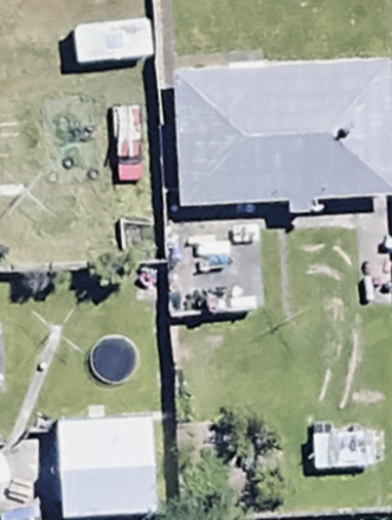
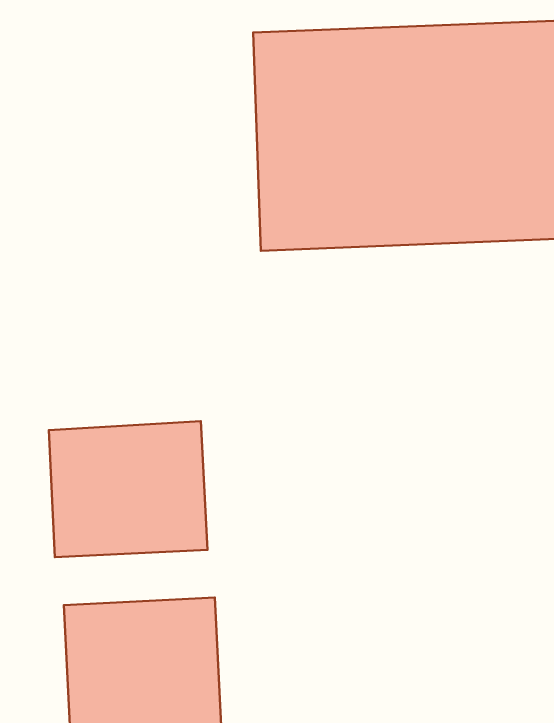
building: none -> [49,421,207,557]

